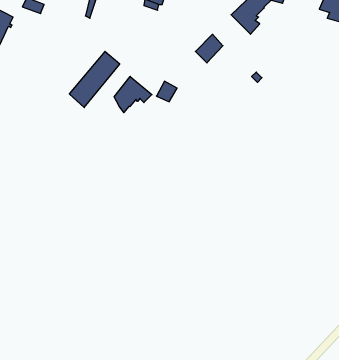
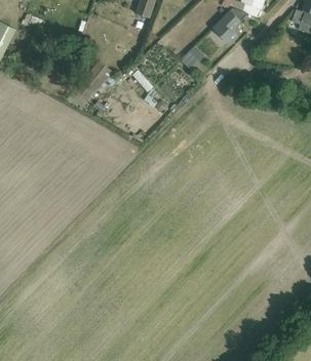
building: [114,76,152,113] -> none

